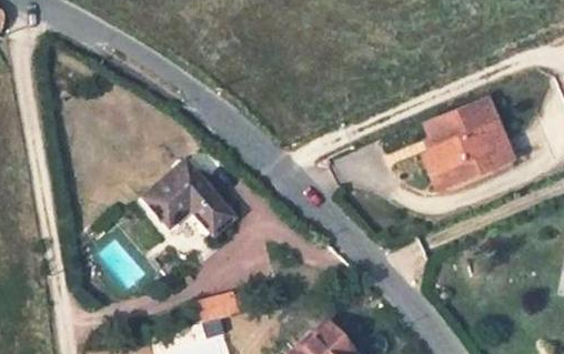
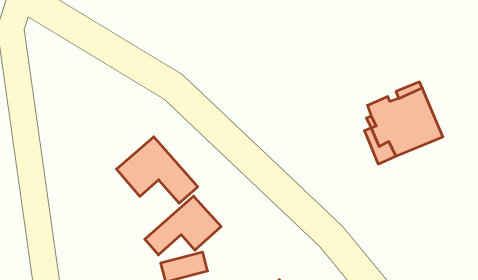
building: none -> [145,196,221,255]

